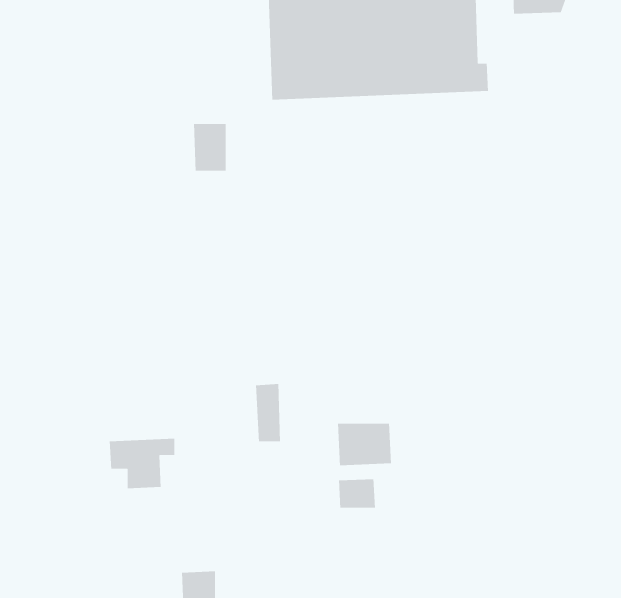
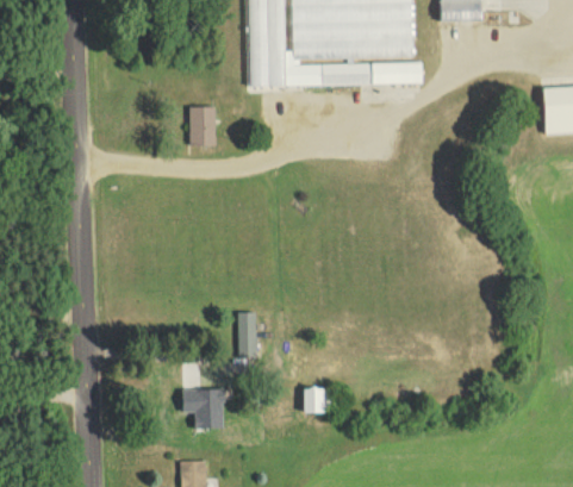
building: [337,423,392,466] -> none
building: [109,438,175,489] -> [180,386,232,426]

